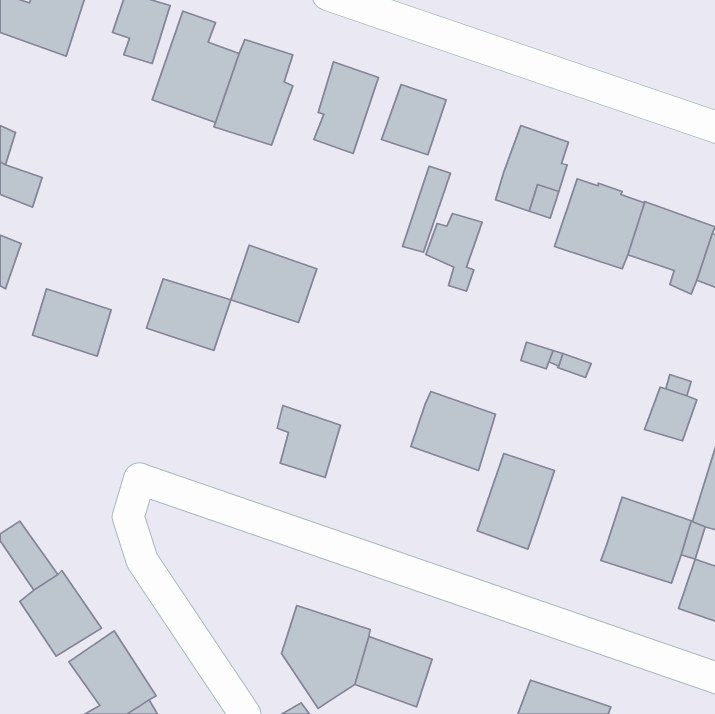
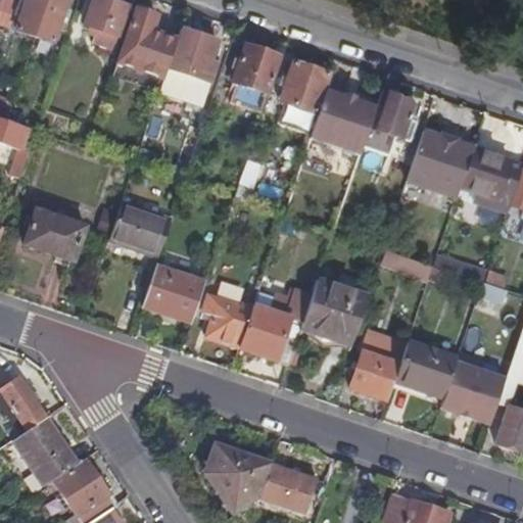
building: [426,214,482,291] -> [334,84,375,140]
building: [231,245,317,322] -> [143,265,205,321]
building: none -> [239,287,312,363]
building: none -> [393,340,457,395]

